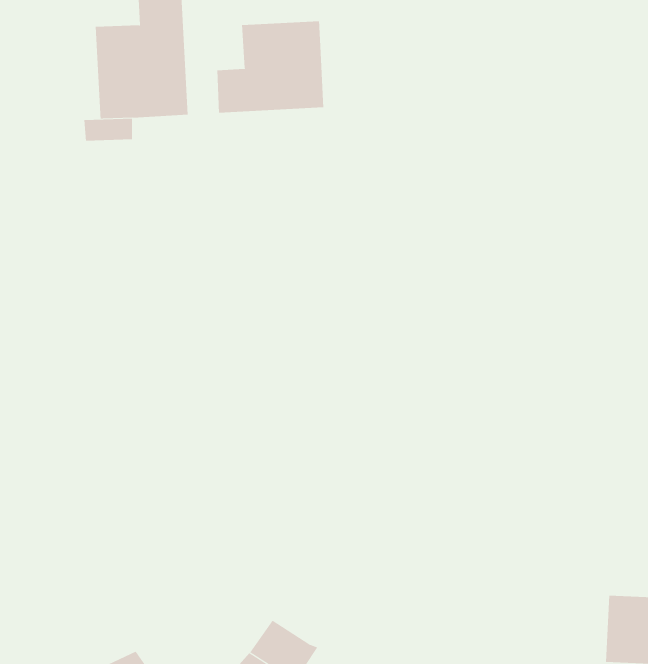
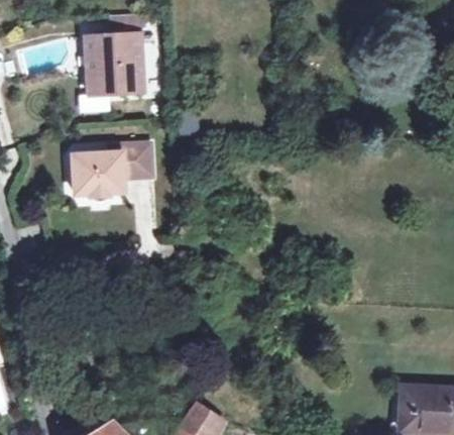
building: [217,20,324,114] -> none
building: none -> [72,146,151,199]

